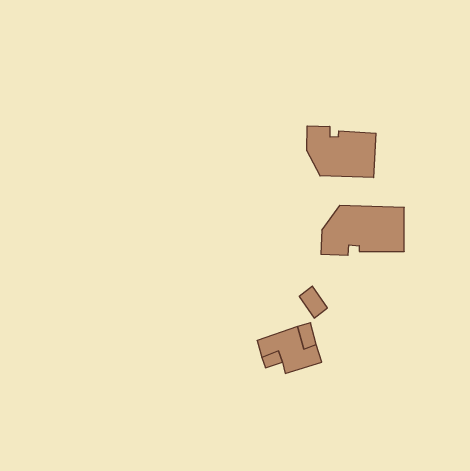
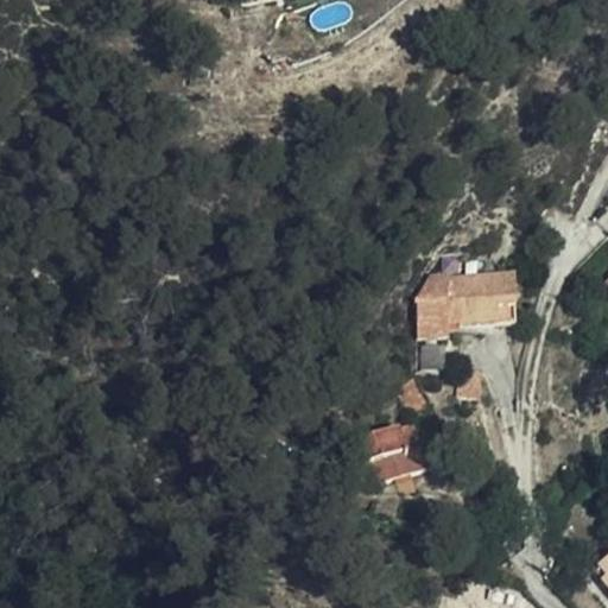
building: [307,126,376,178] -> none

